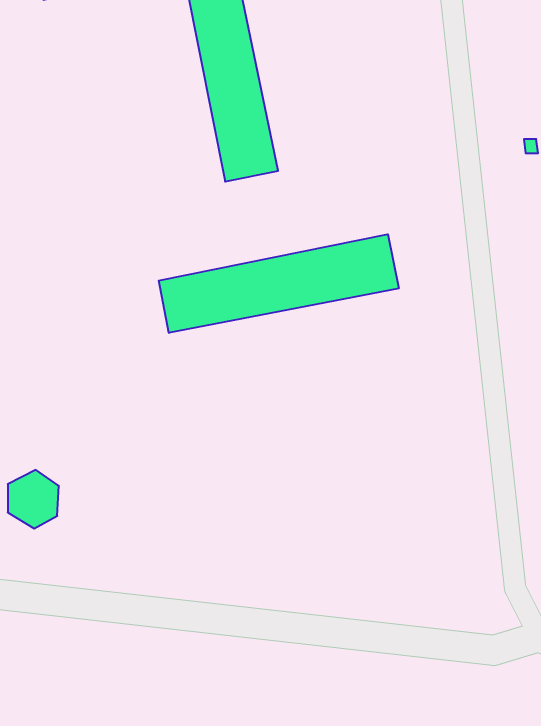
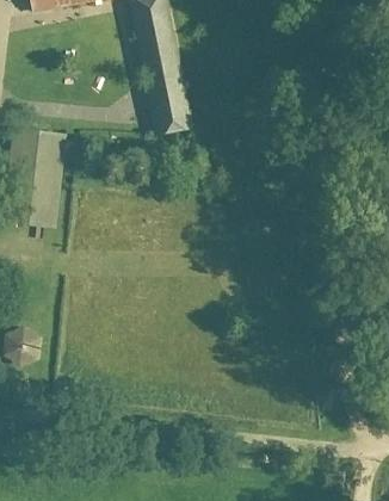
building: [159,234,399,333] -> none

